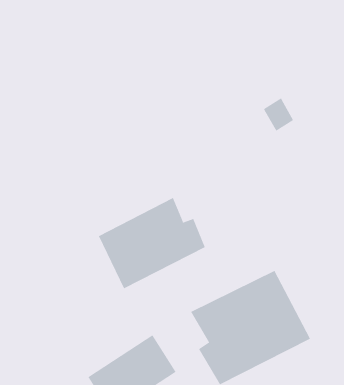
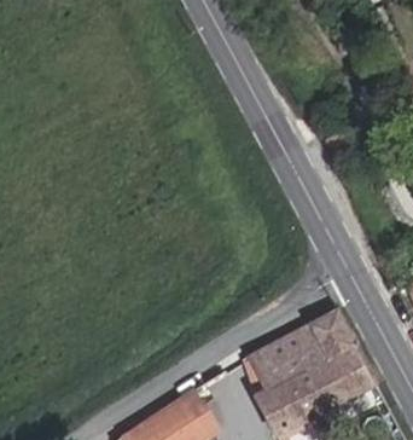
building: [98,197,206,289] -> none

